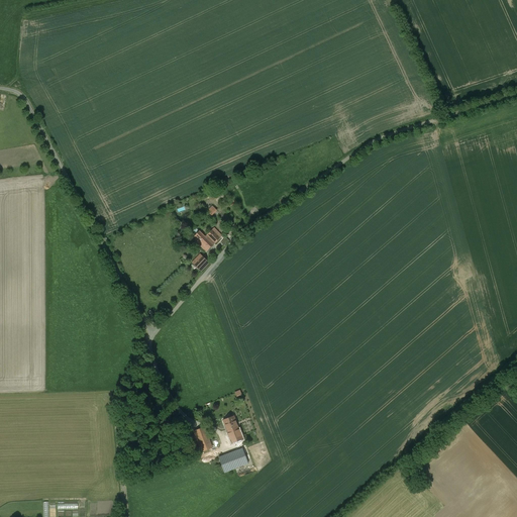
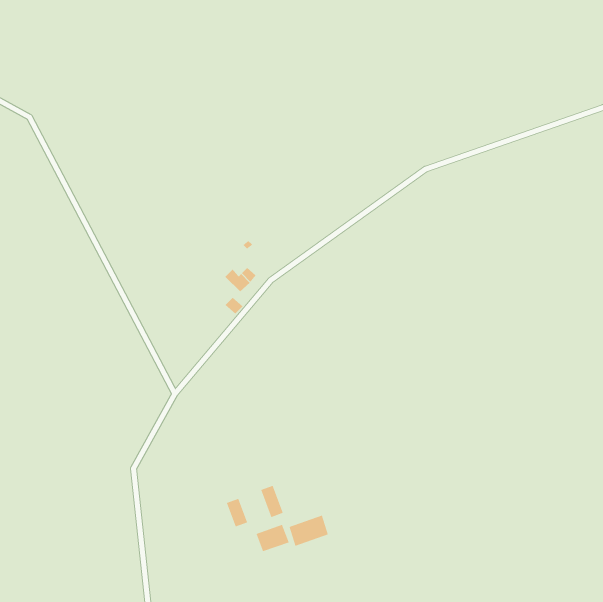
building: none -> [288,515,329,547]

